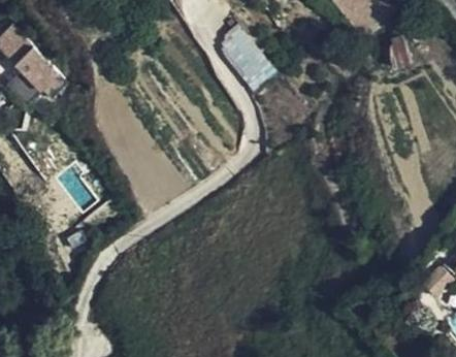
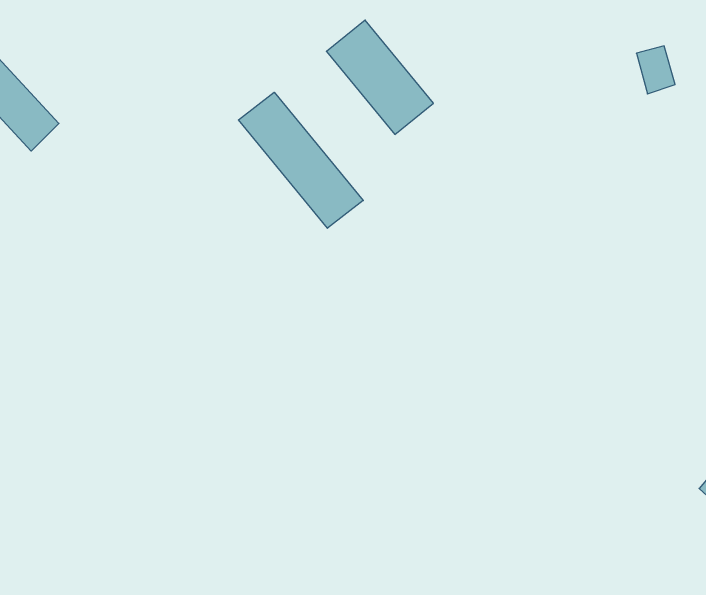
building: none -> [238,92,363,228]

